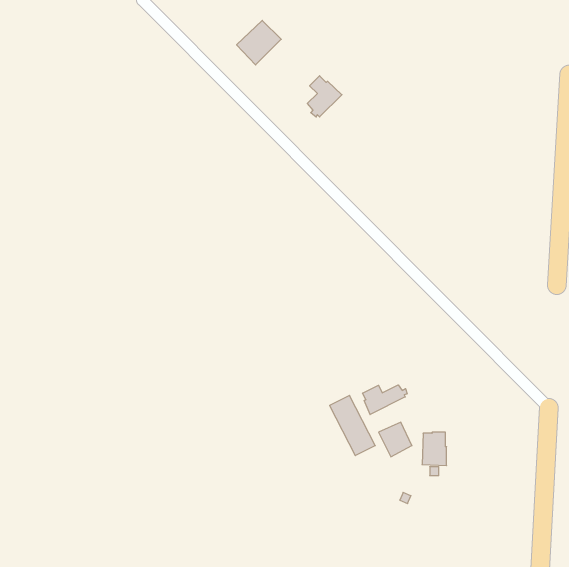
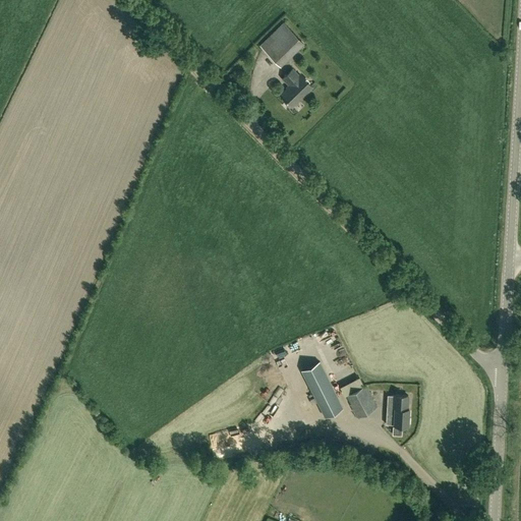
building: [237,20,281,65] -> [260,24,301,65]
building: [363,385,407,415] -> none

